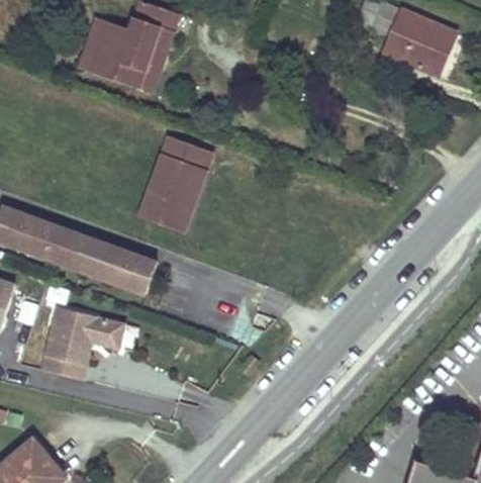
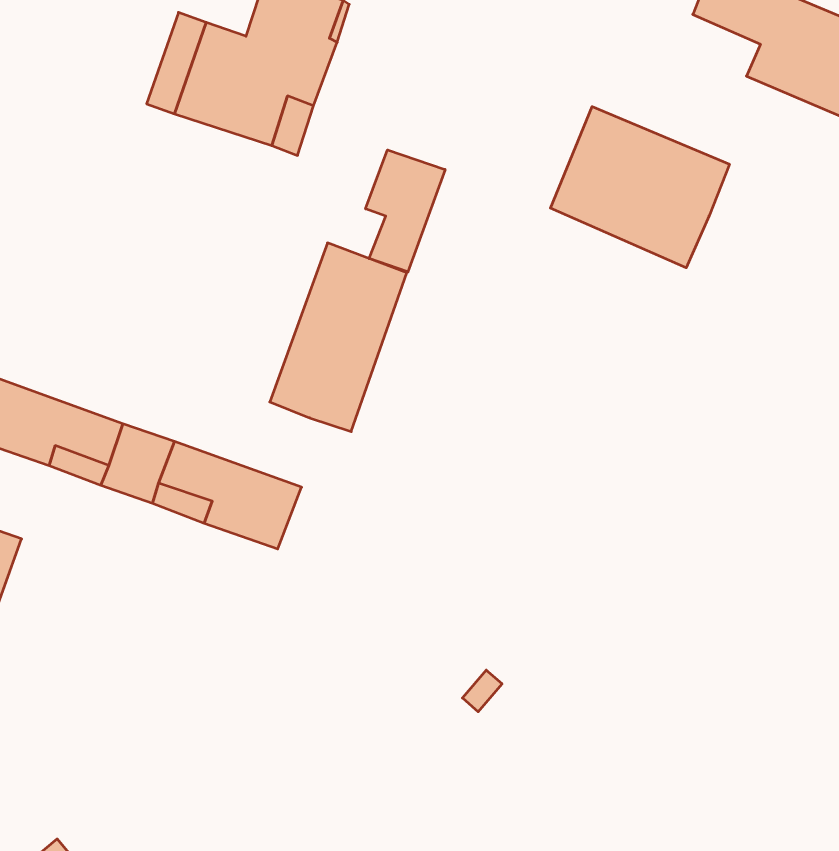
building: none -> [550,107,729,268]
building: none -> [366,150,445,272]
building: [37,310,124,380] -> none

